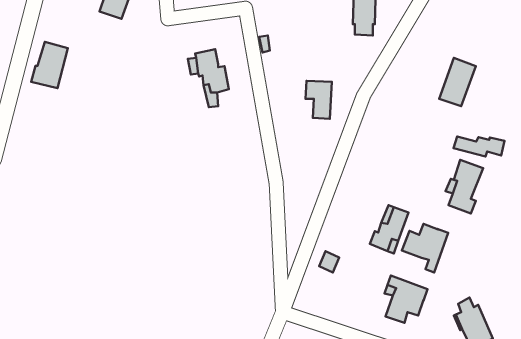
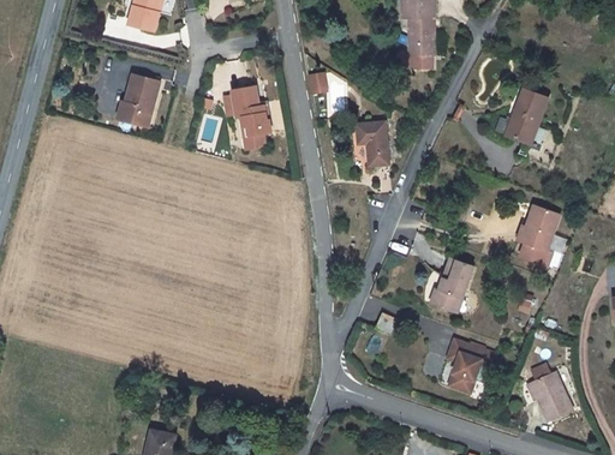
building: [31,42,68,88] -> [119,71,161,124]
building: [453,137,504,156] -> none
building: [402,224,448,272] -> none

